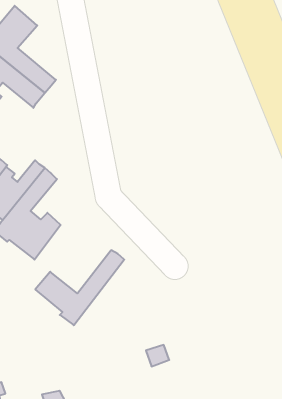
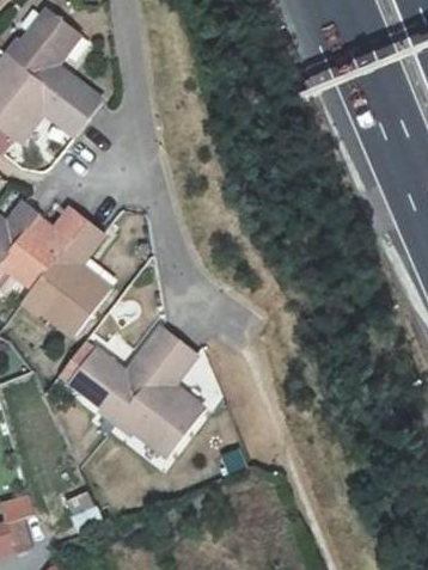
building: none -> [121,335,207,451]

